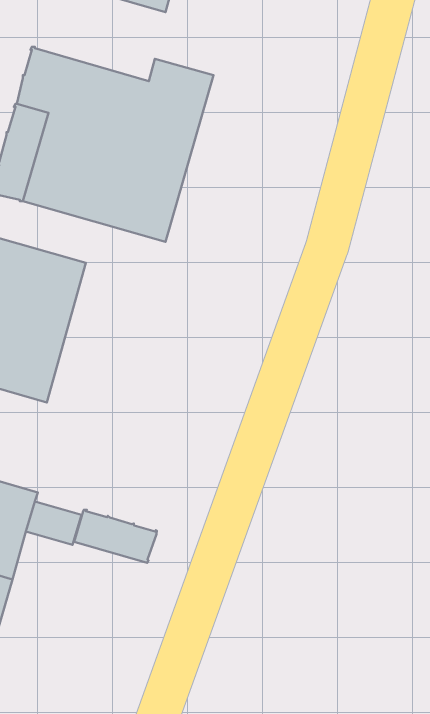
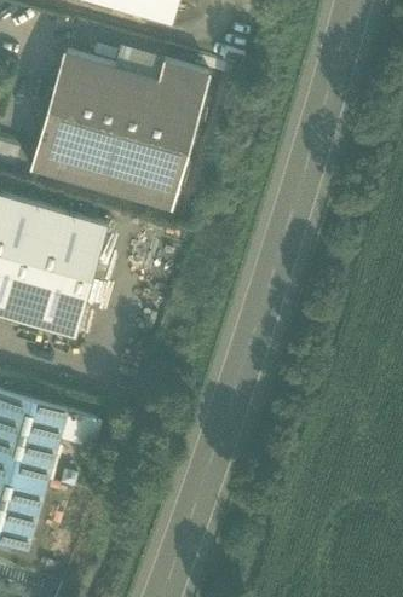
building: none -> [114,45,161,74]
building: [74,510,157,563] -> none

